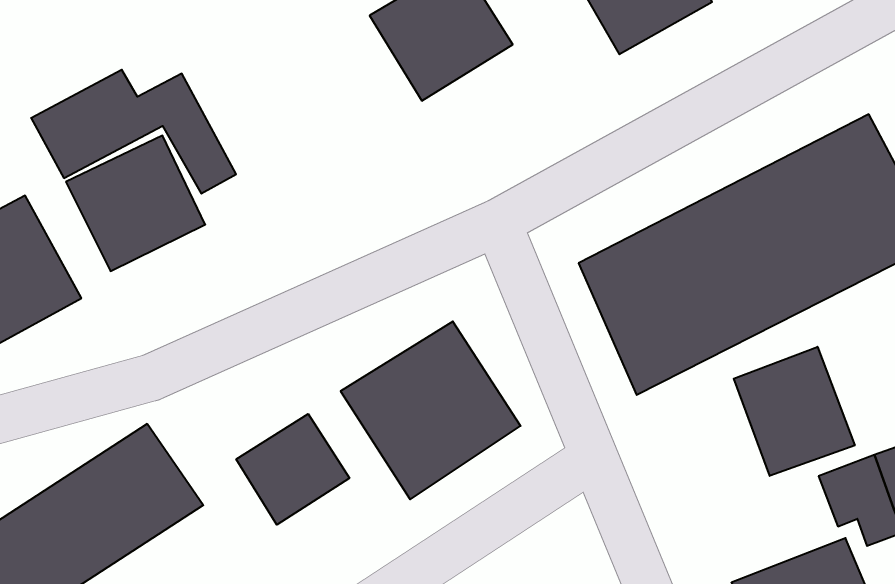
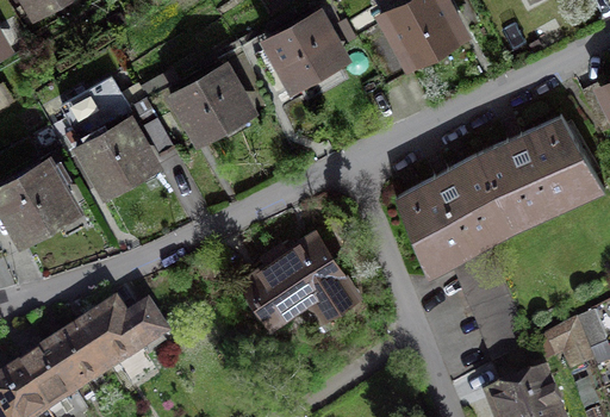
building: none -> [170,66,255,144]
building: [734,347,855,476] -> none
building: [236,414,349,525] -> none

